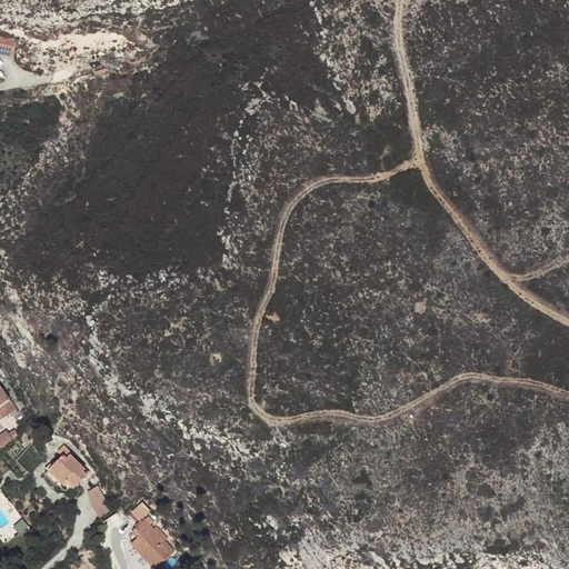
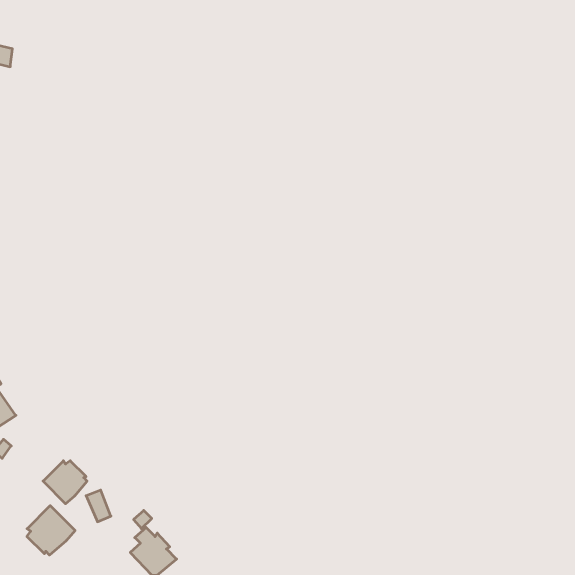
building: none -> [27,506,75,555]

